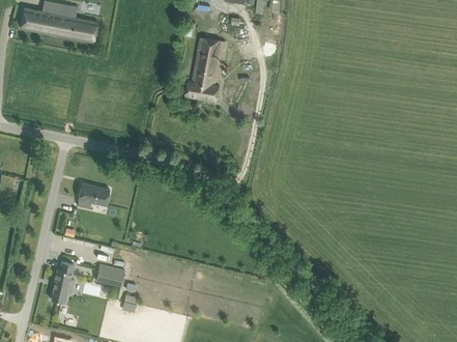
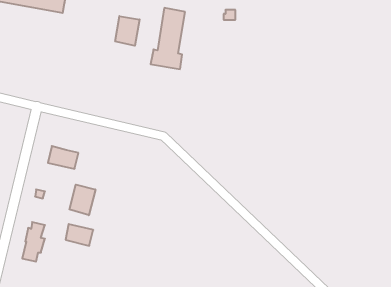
building: none -> [115,16,140,46]
building: none -> [69,185,95,215]

